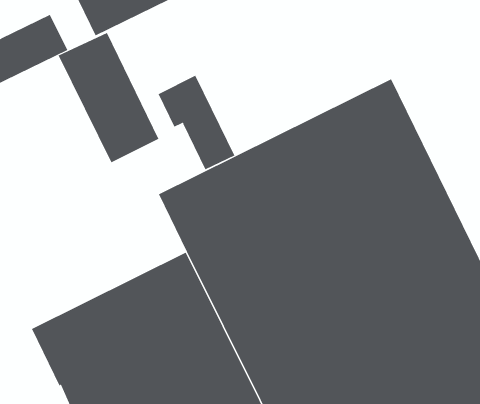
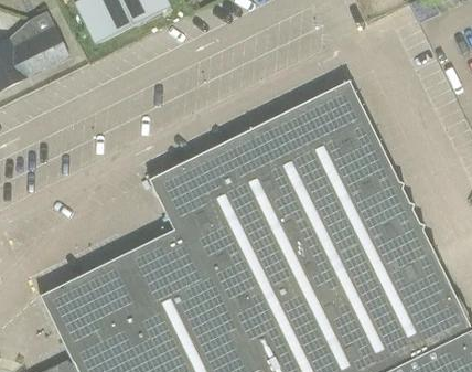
building: [58,32,159,163] -> none
building: [158,75,235,170] -> none

